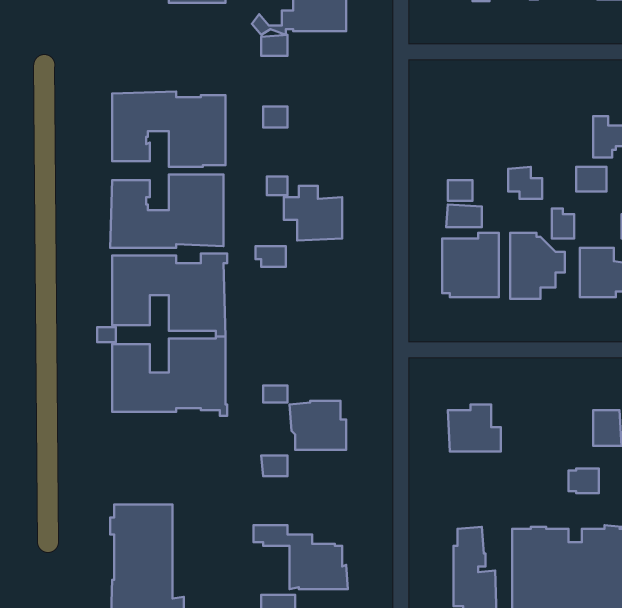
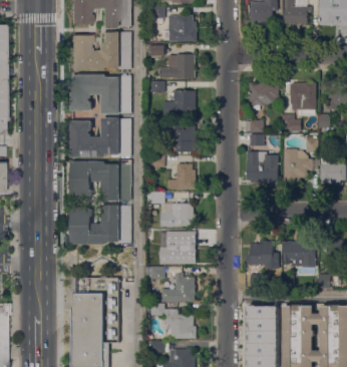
building: none -> [71,32,131,71]
building: none -> [160,55,196,78]
building: none -> [250,83,279,110]
building: none -> [291,83,316,110]
building: none -> [164,91,196,115]
building: none -> [168,164,196,191]
building: none -> [147,193,196,227]
building: none -> [284,242,316,268]
building: none -> [162,273,196,302]

